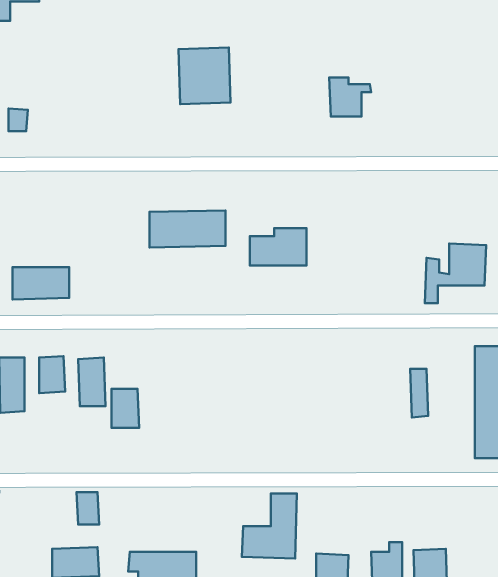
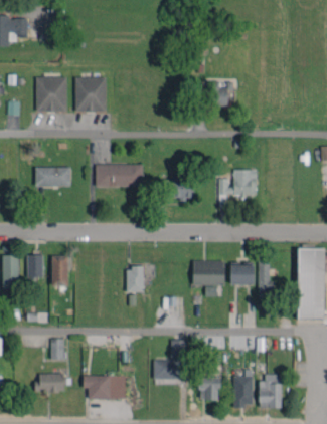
building: [179,48,230,104] -> [74,76,107,112]
building: none -> [36,76,67,112]
building: [425,243,486,303] -> [218,169,257,206]
building: [13,267,69,299] -> [35,167,70,187]
building: none -> [193,260,224,285]
building: none -> [229,264,255,284]
building: [112,389,139,428] -> [127,267,144,291]

